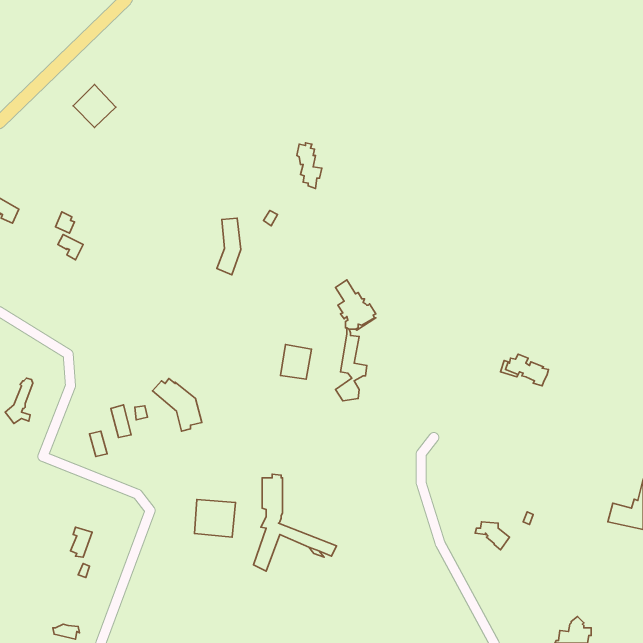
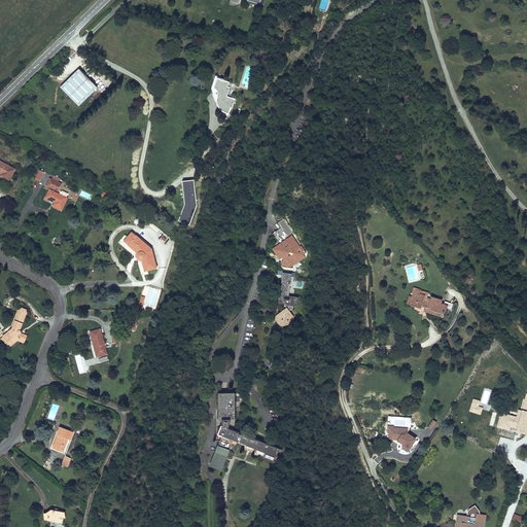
building: [297,143,322,188] -> [213,79,234,116]
building: [281,345,312,379] -> none
building: [153,378,202,431] -> [117,234,157,277]
building: [195,500,236,537] -> none

